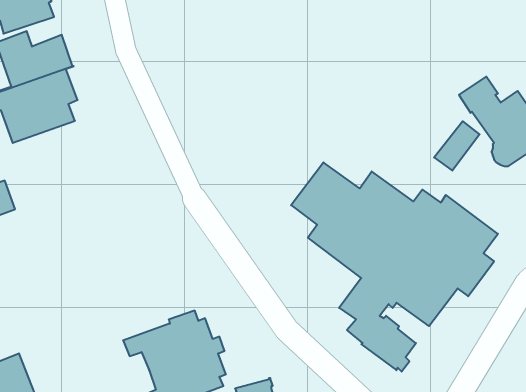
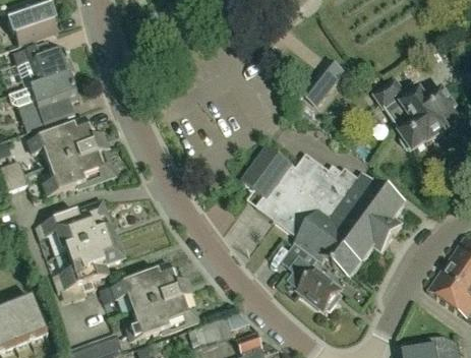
building: [434,121,480,171] -> [307,61,343,100]
building: none -> [27,116,108,194]
building: none -> [35,202,121,296]

